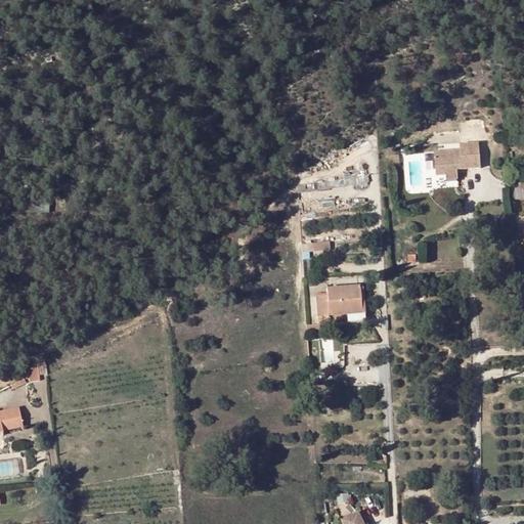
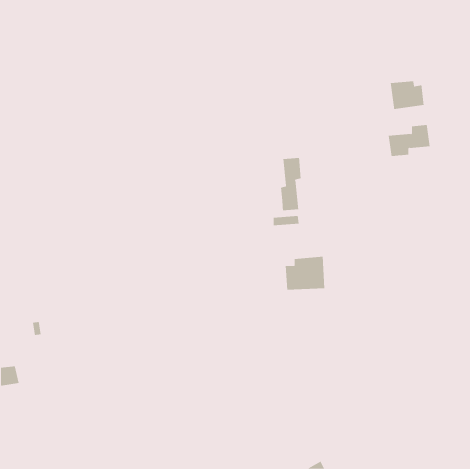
building: none -> [390,80,424,110]
building: none -> [281,157,301,211]

